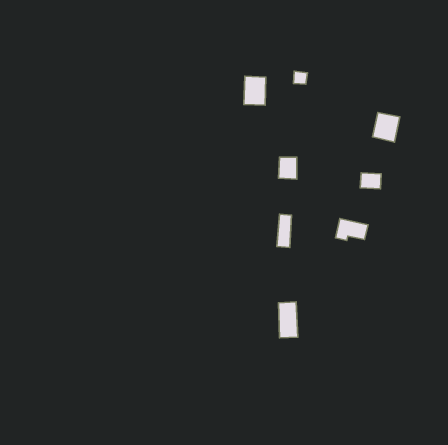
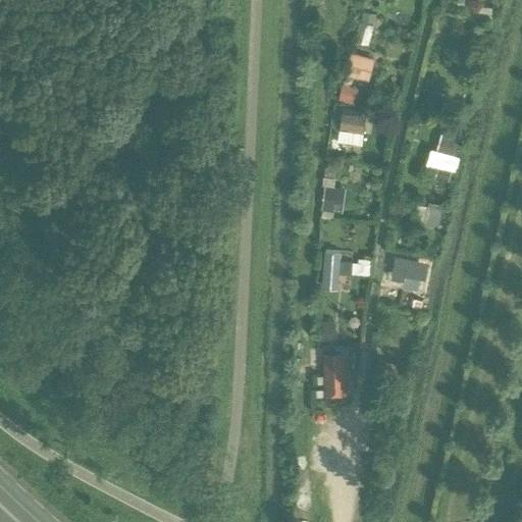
building: none -> [347,53,374,81]
building: [244,76,266,105] -> [340,111,365,145]

